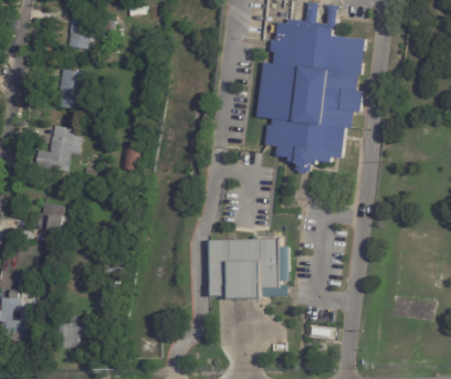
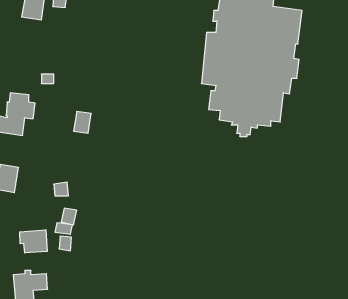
building: [59,70,85,109] -> none
building: [211,240,289,299] -> none
building: none -> [20,230,47,253]

